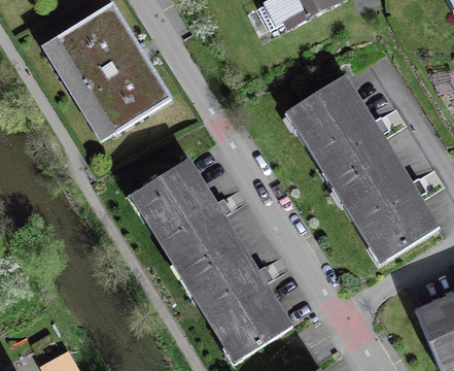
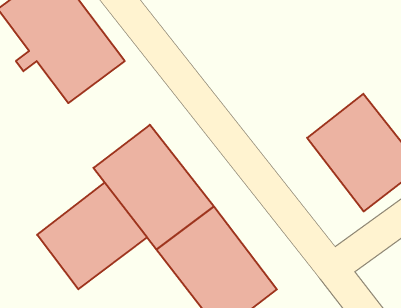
building: [287,77,390,188] -> none
building: none -> [37,183,147,289]

